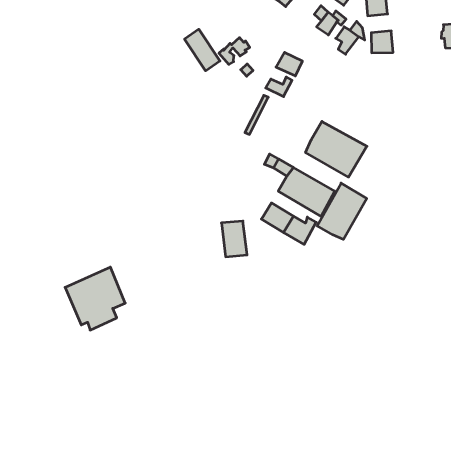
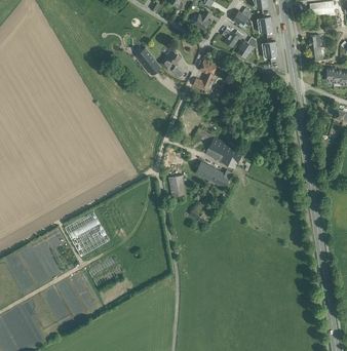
building: [306,121,367,177] -> none
building: [317,183,367,239] -> none

